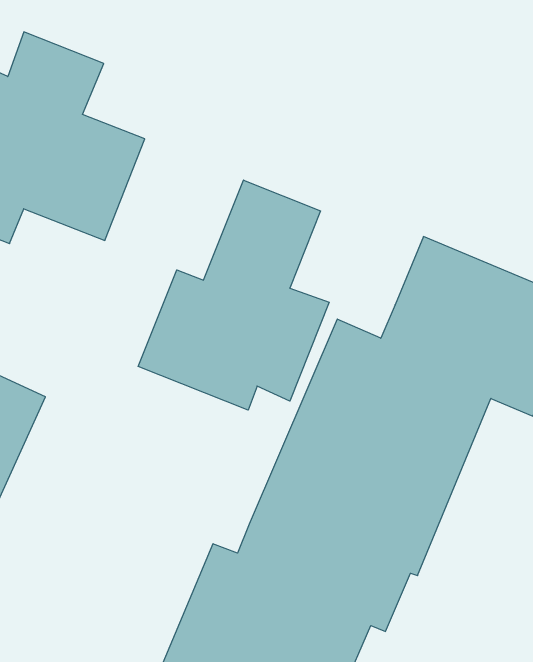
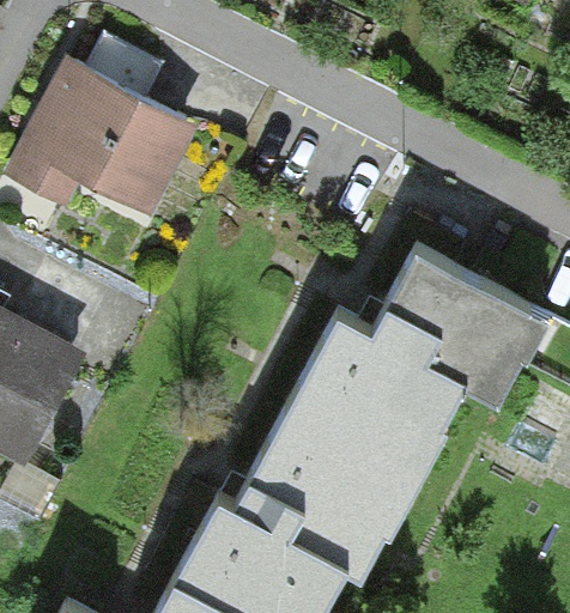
building: [138,180,329,410] -> none

